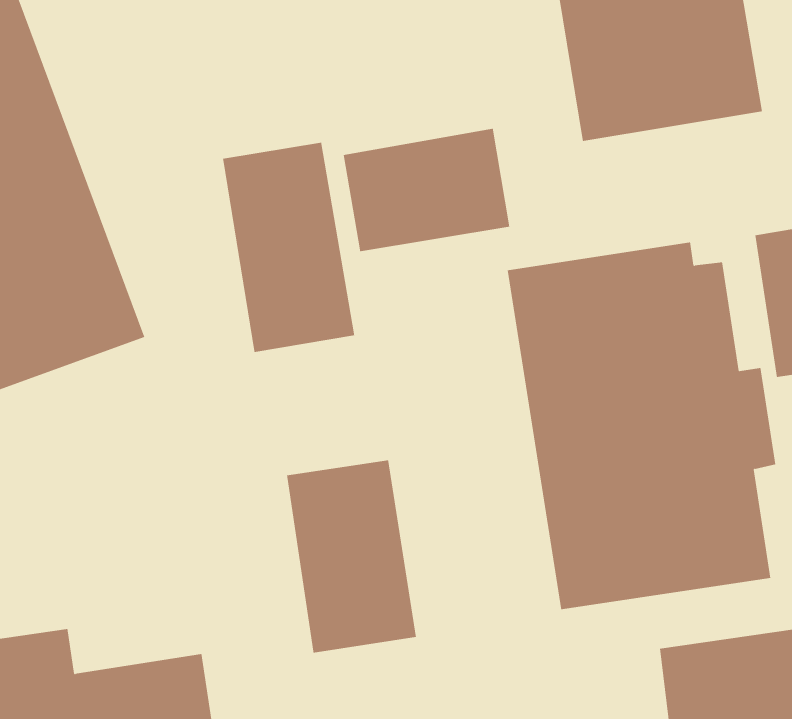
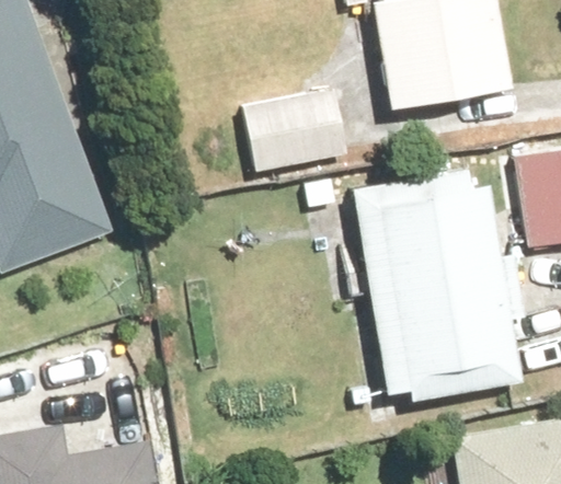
building: [222,142,355,353] -> none
building: [287,459,417,654] -> none

